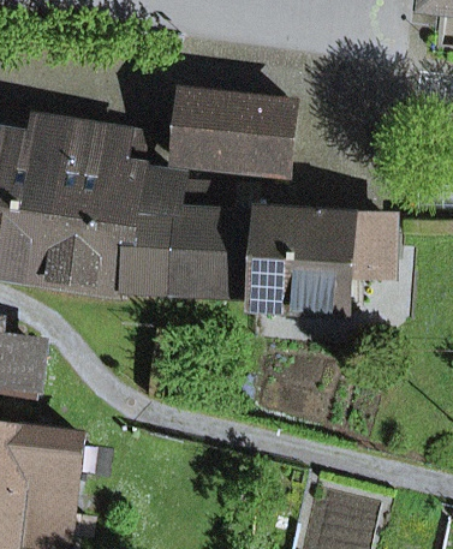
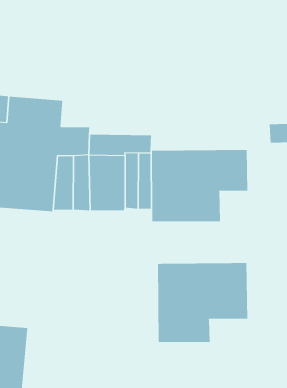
building: [177,95,296,175] -> none
building: none -> [157,262,248,343]

